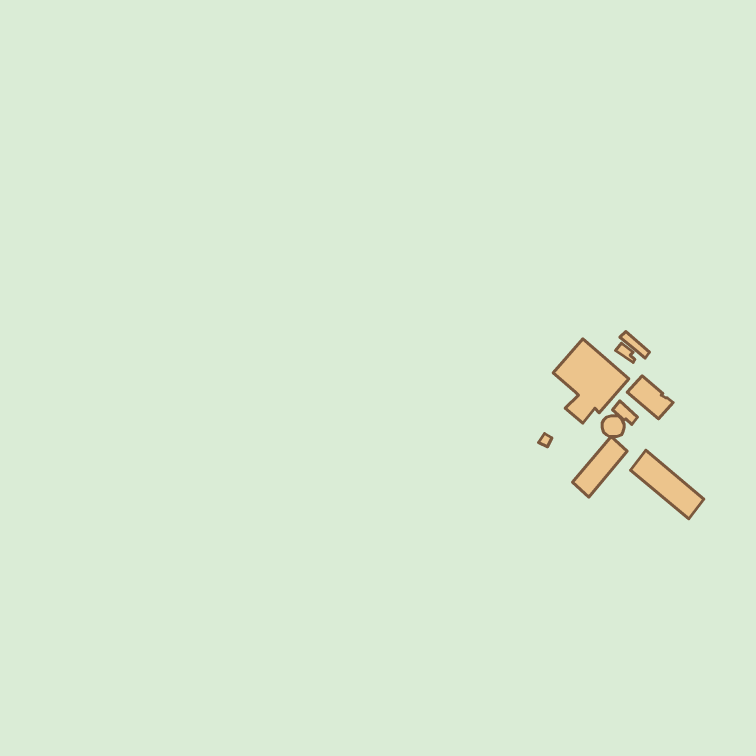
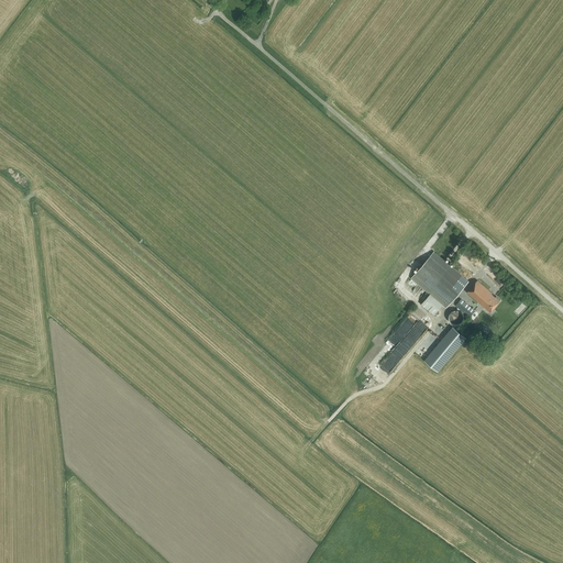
building: [631,450,704,519] -> none

